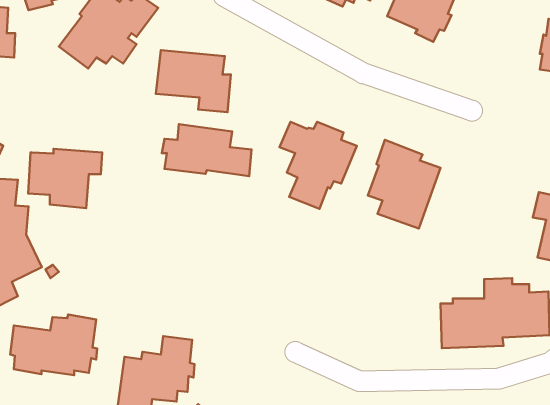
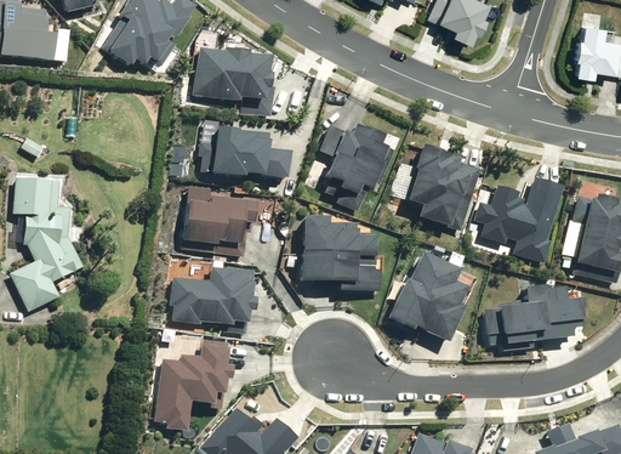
building: [28,149,102,208] -> [184,197,258,256]
building: none -> [474,178,563,261]
building: none -> [302,215,376,290]
building: none -> [389,249,471,340]
building: [10,315,97,375] -> [169,266,256,327]

